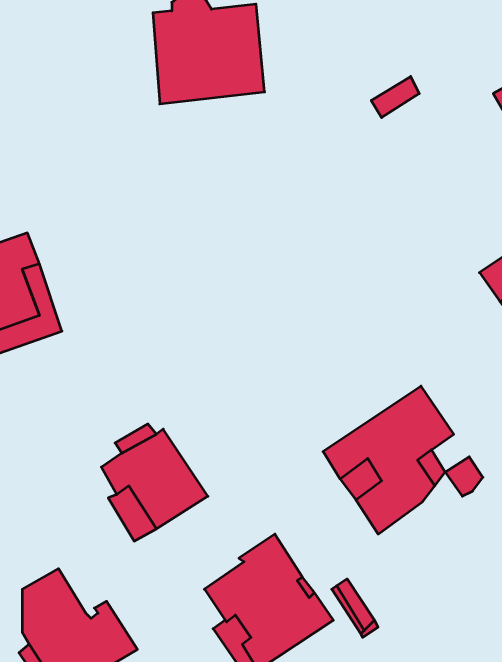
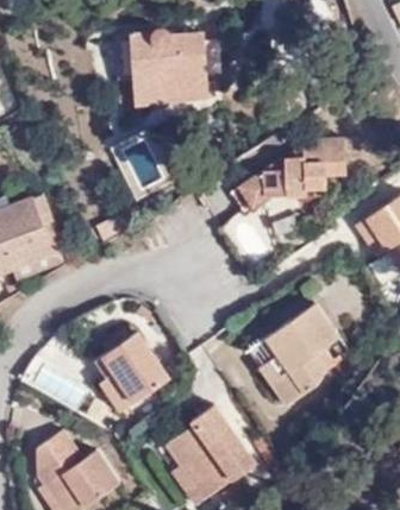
building: none -> [231,138,346,212]

